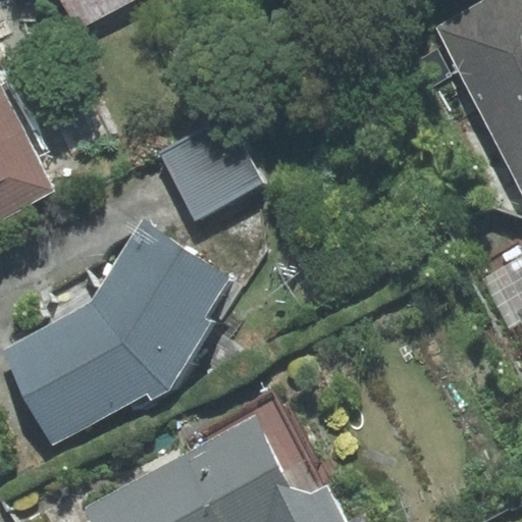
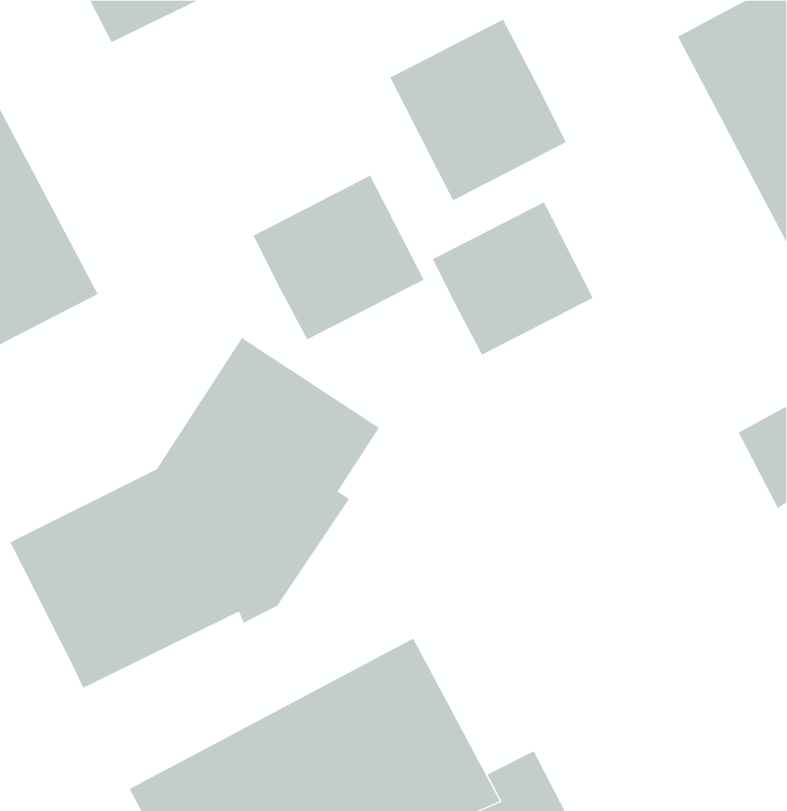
building: none -> [389,19,567,201]
building: none -> [432,201,594,356]

